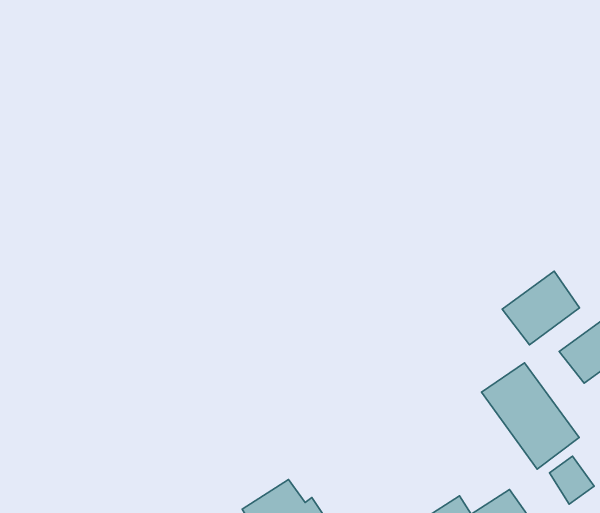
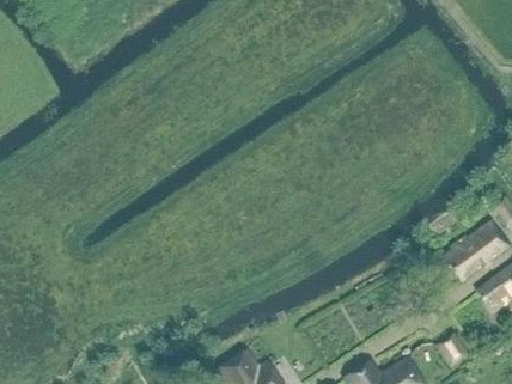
building: [502,271,579,345] -> none
building: [481,363,579,469] -> none

